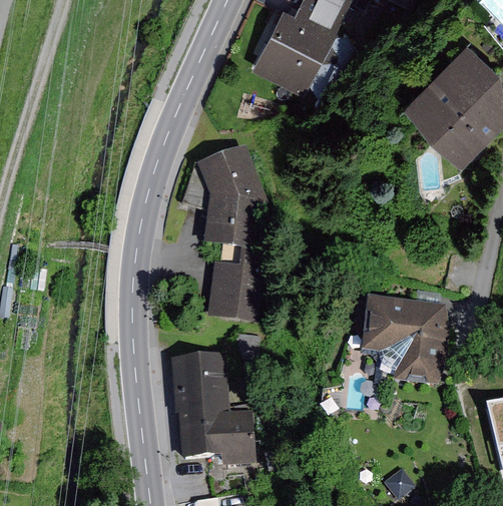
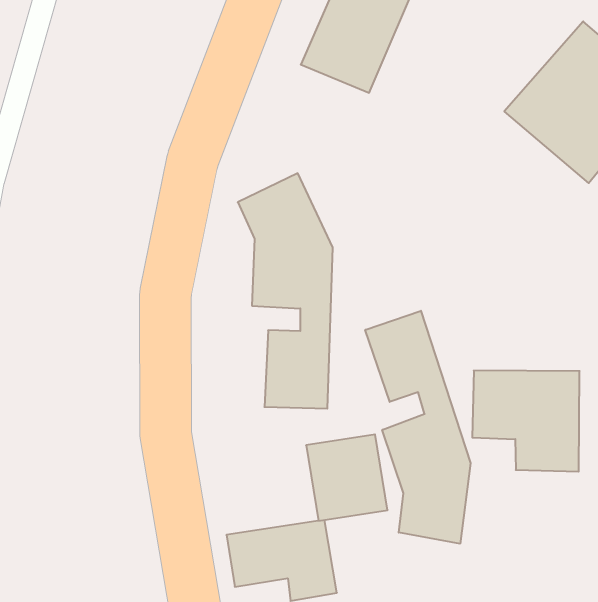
building: none -> [365,311,471,544]
building: [170,352,228,414] -> [306,434,388,521]

